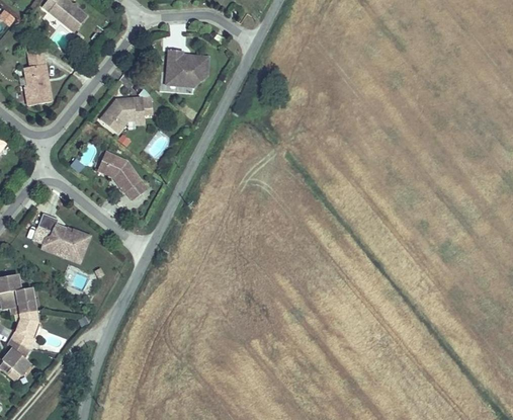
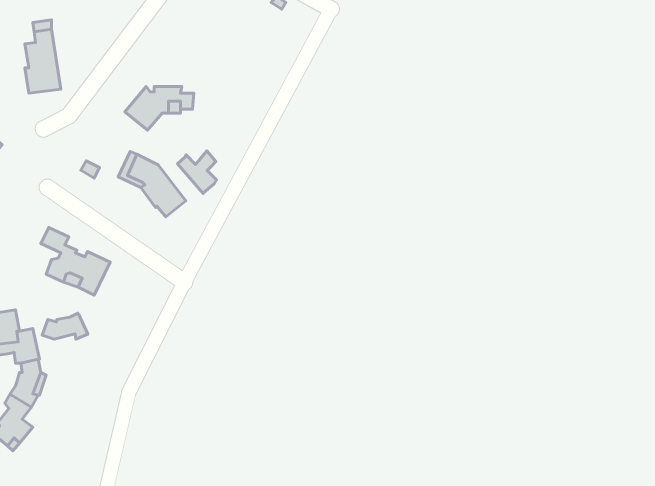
building: [165,52,206,87] -> none
building: none -> [177,151,216,193]
building: none -> [42,313,88,339]

